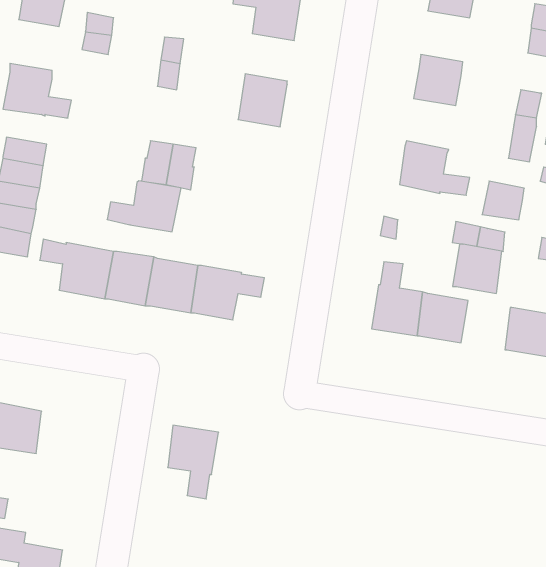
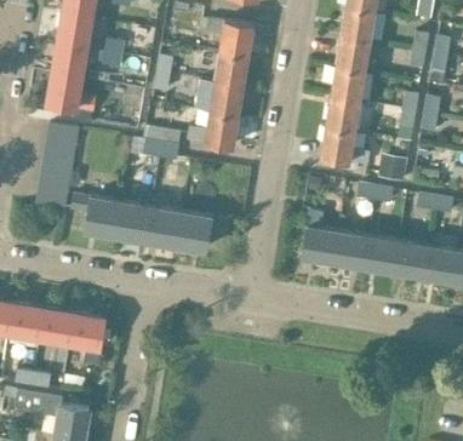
building: none -> [336,38,370,73]
building: none -> [52,44,86,79]
building: none -> [215,53,248,86]
building: none -> [326,98,360,133]
building: [107,181,181,232] -> [188,113,239,148]
building: [453,244,502,293] -> [364,237,398,271]
building: [168,425,219,499] -> [70,314,105,365]

